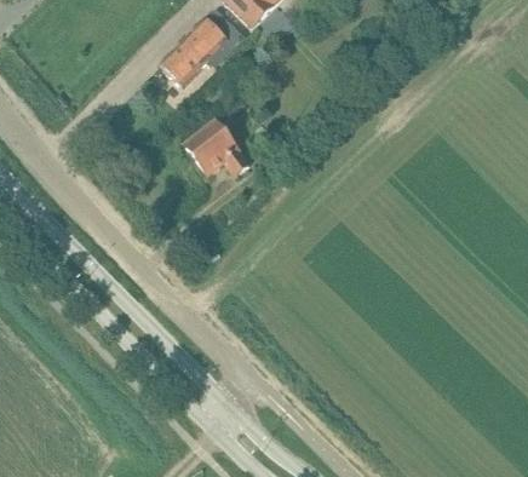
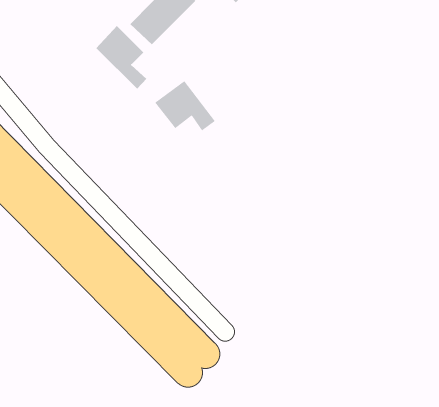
building: none -> [96,25,147,89]

